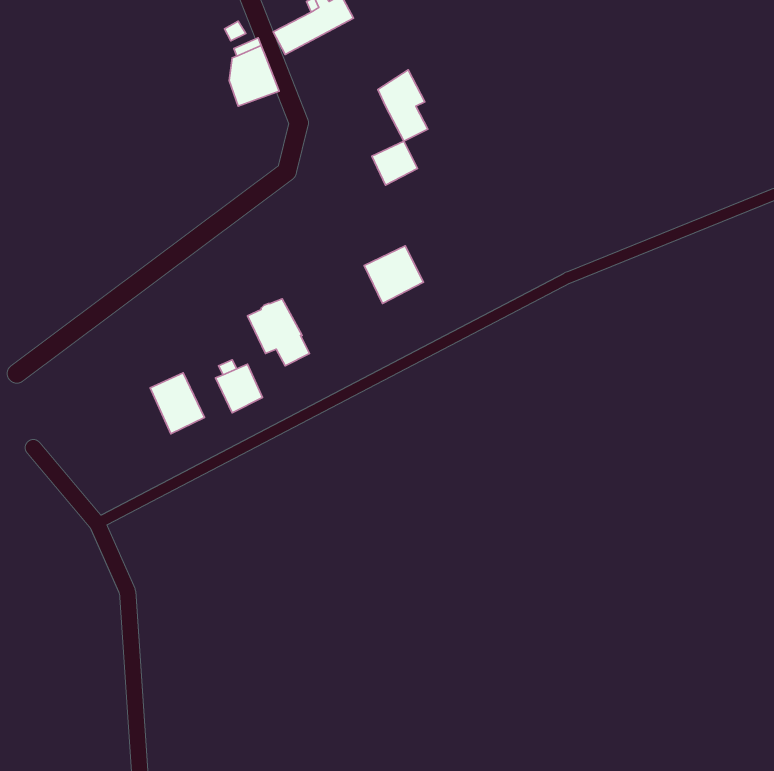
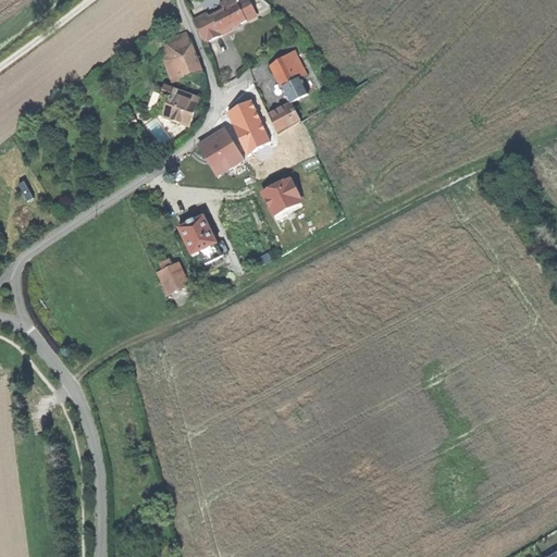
building: none -> [154,87,197,121]
building: none -> [199,97,273,173]
building: [150,373,204,434] -> none

